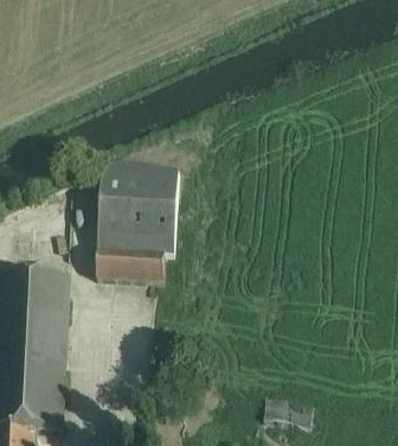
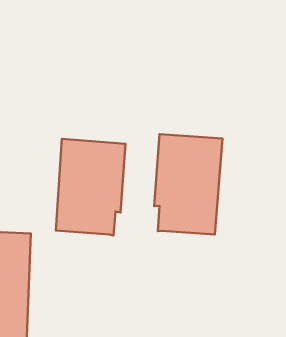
building: none -> [154,134,223,235]

